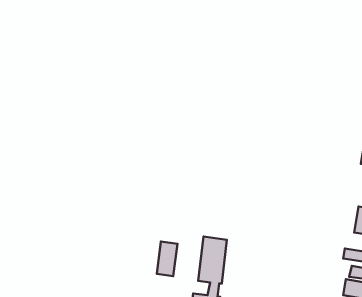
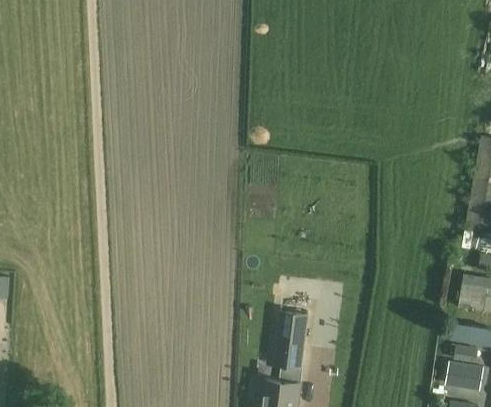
building: [157,241,178,276] -> none

